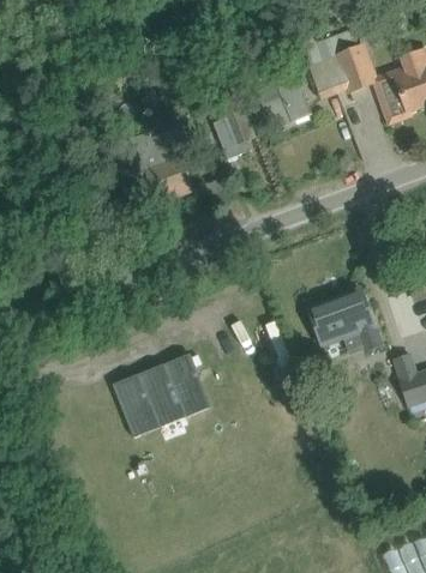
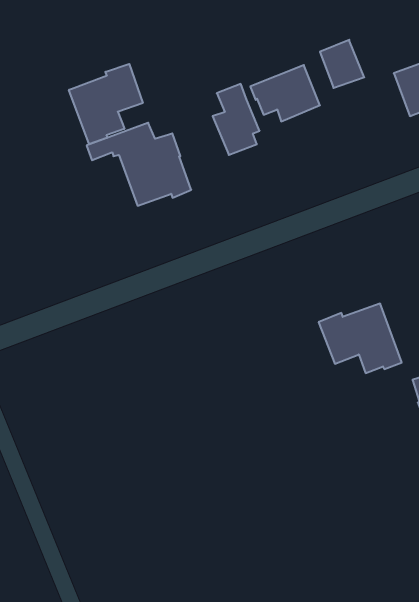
building: [335,43,378,90] -> none
building: none -> [69,64,143,144]
building: [112,352,211,436] -> none

